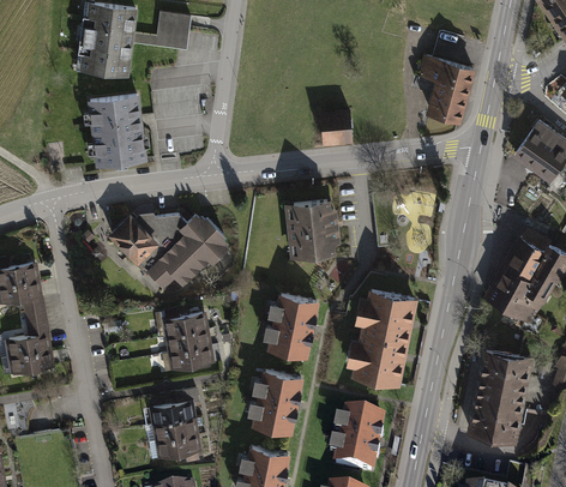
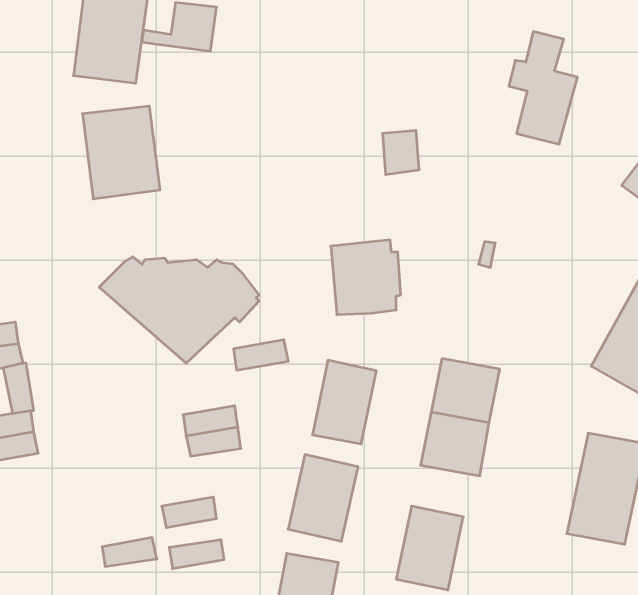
building: [163,312,206,336] -> [234,340,288,370]
building: [152,417,195,440] -> [102,538,157,566]

